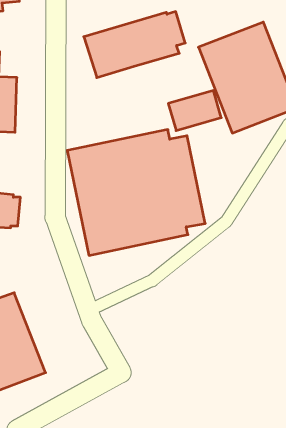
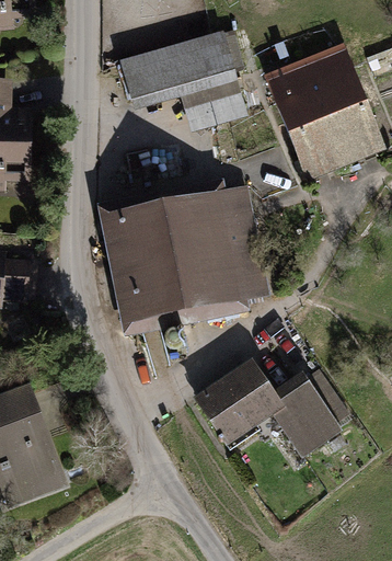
building: [168,91,221,131] -> [181,80,247,130]
building: none -> [192,357,342,457]

